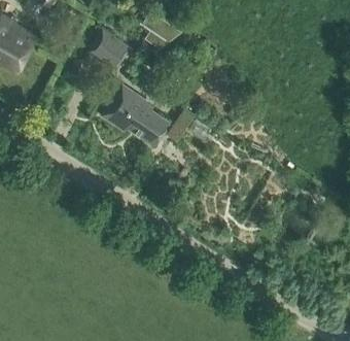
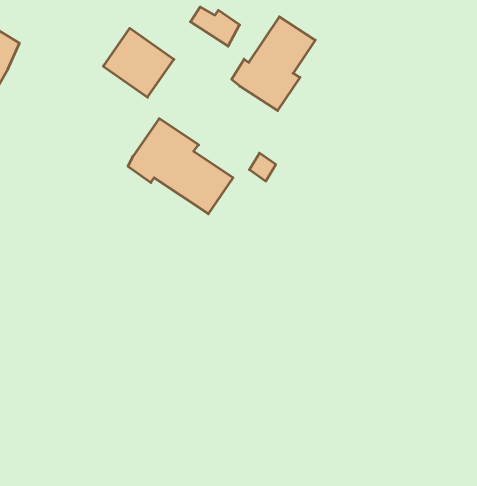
building: none -> [232,17,315,111]

